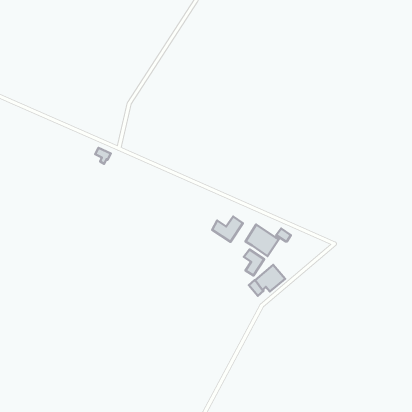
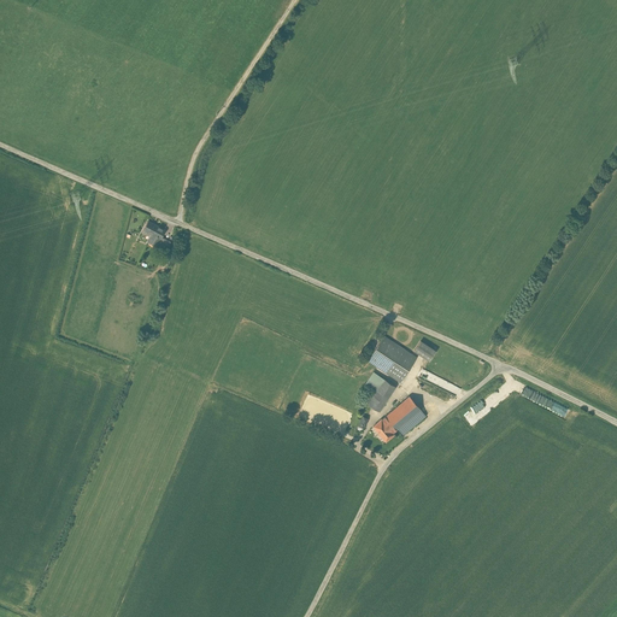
building: [212,216,243,242] -> none

